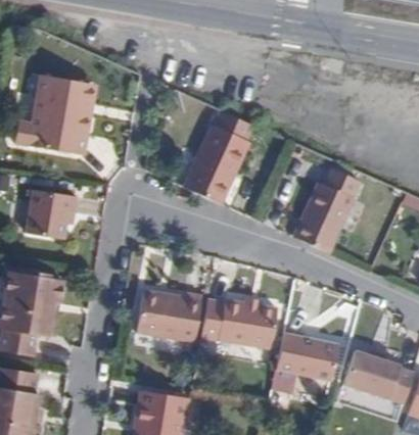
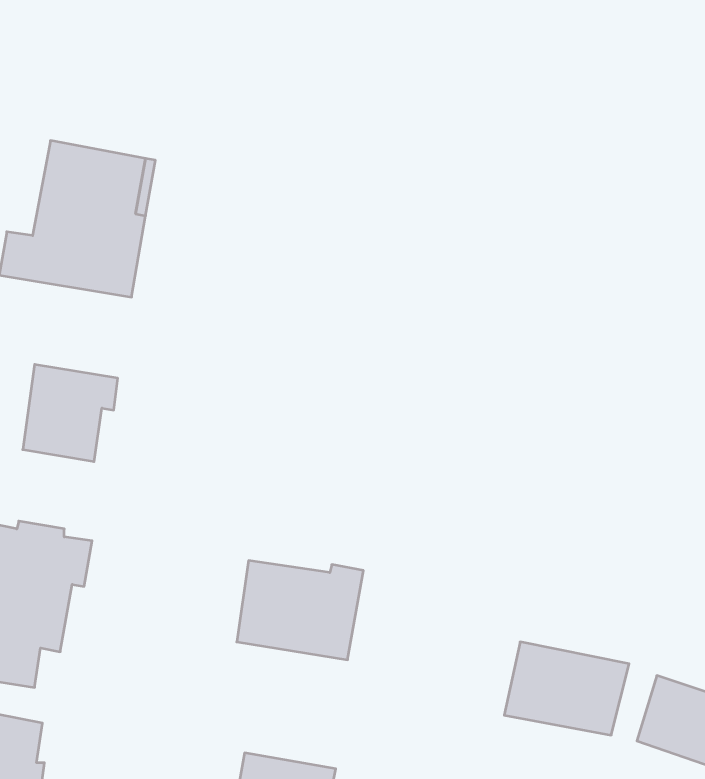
building: [183,110,253,205] -> none
building: [293,168,361,253] -> none
building: [201,299,276,348] -> none

